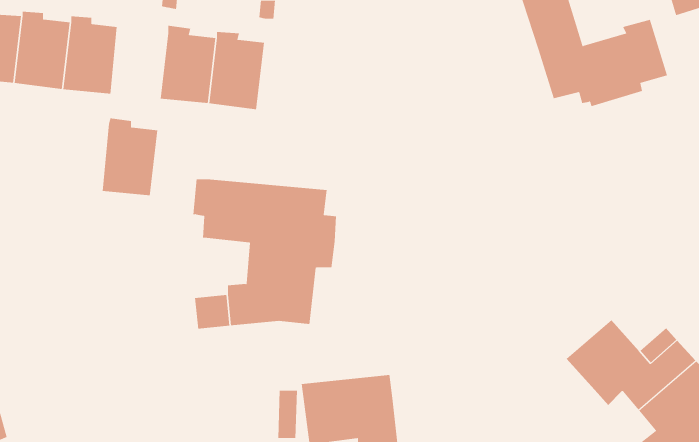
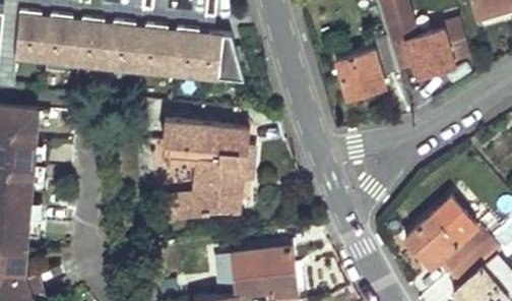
building: none -> [204,34,244,81]
building: none -> [334,38,396,99]
building: [102,118,158,196] -> [110,19,146,70]

